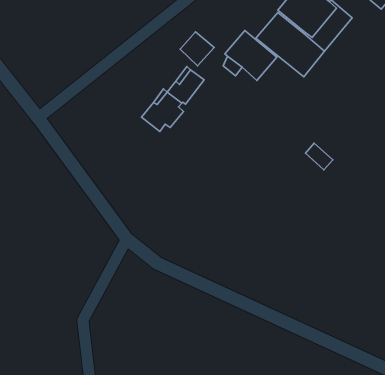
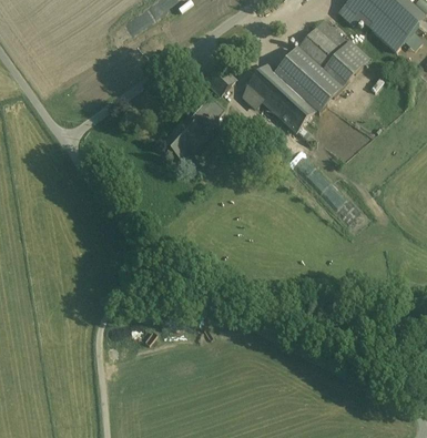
building: none -> [273,91,315,132]

